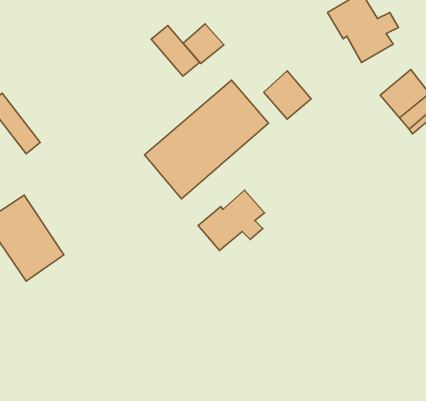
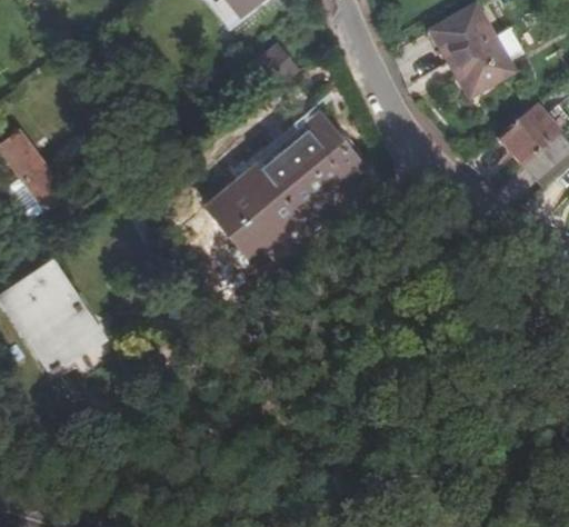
building: [151,25,199,76] -> none
building: [264,71,311,119] -> none
building: [198,190,264,251] -> none

